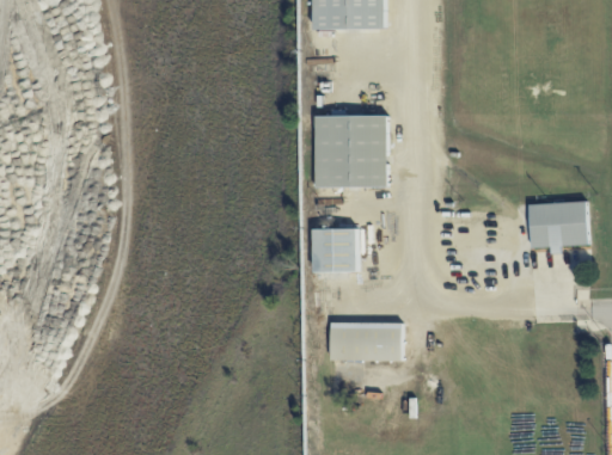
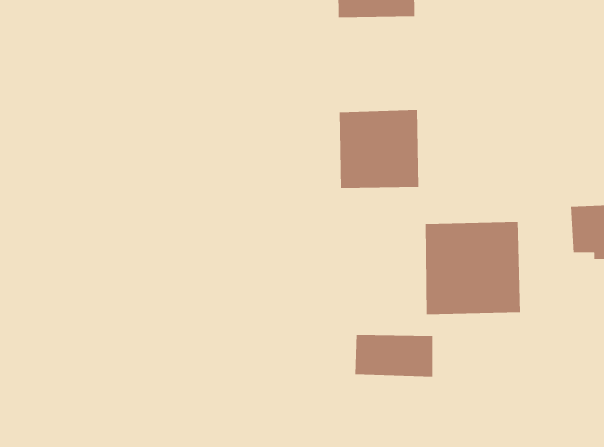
building: none -> [425,221,521,315]
building: [312,227,357,271] -> none

